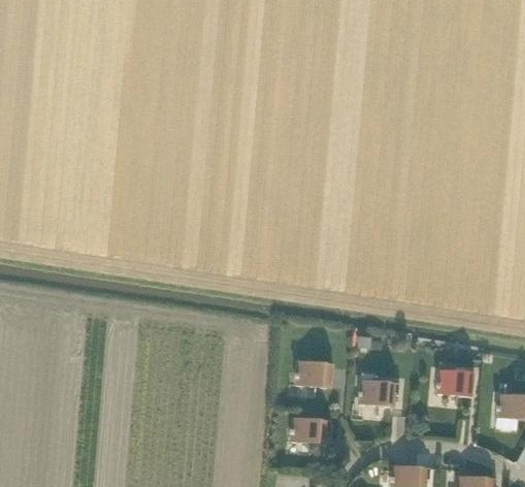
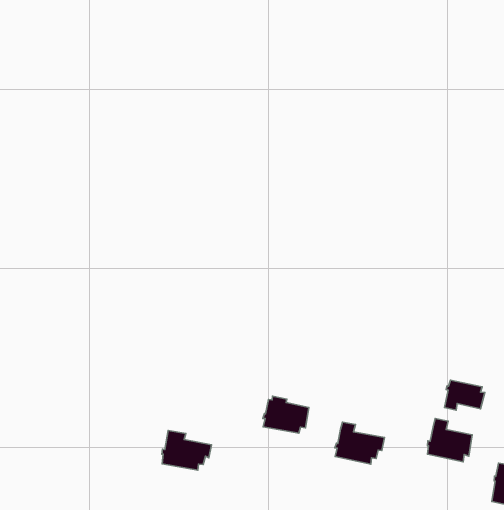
building: none -> [445,380,485,410]
building: [291,413,332,444] -> [162,430,211,470]

